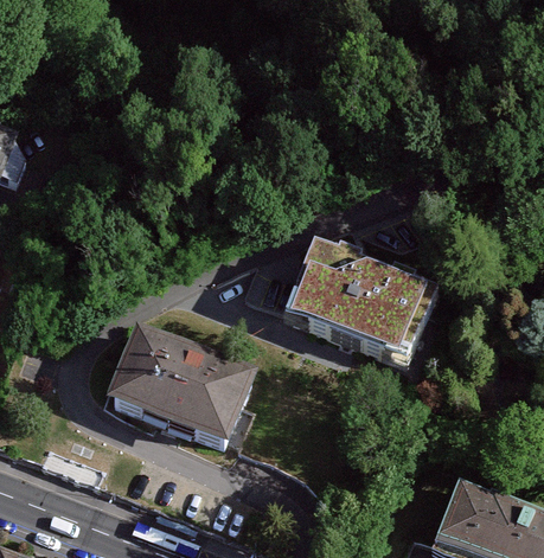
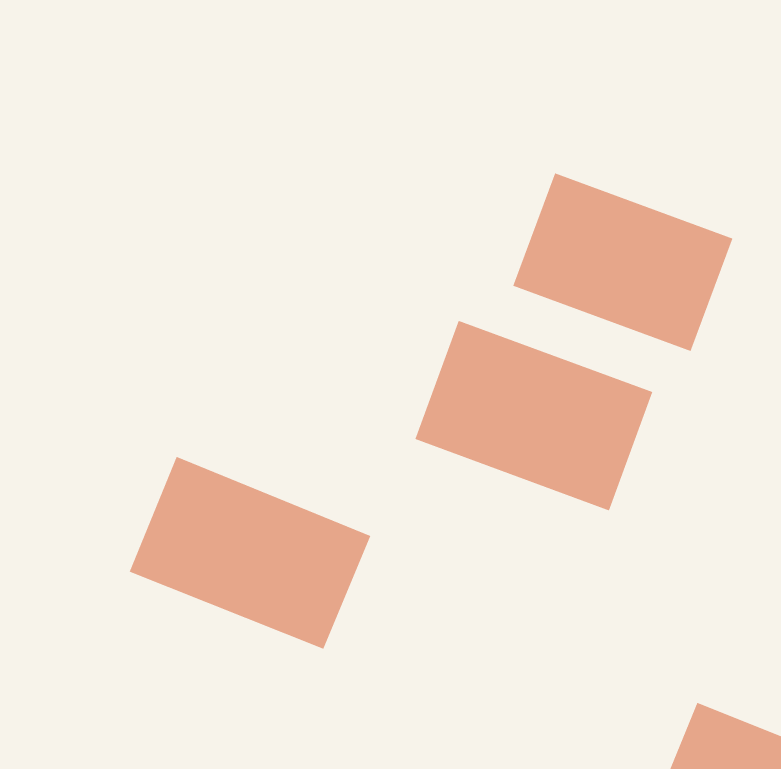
building: none -> [513,173,733,352]

